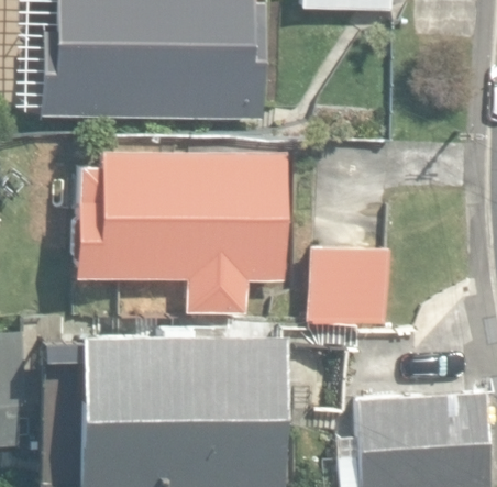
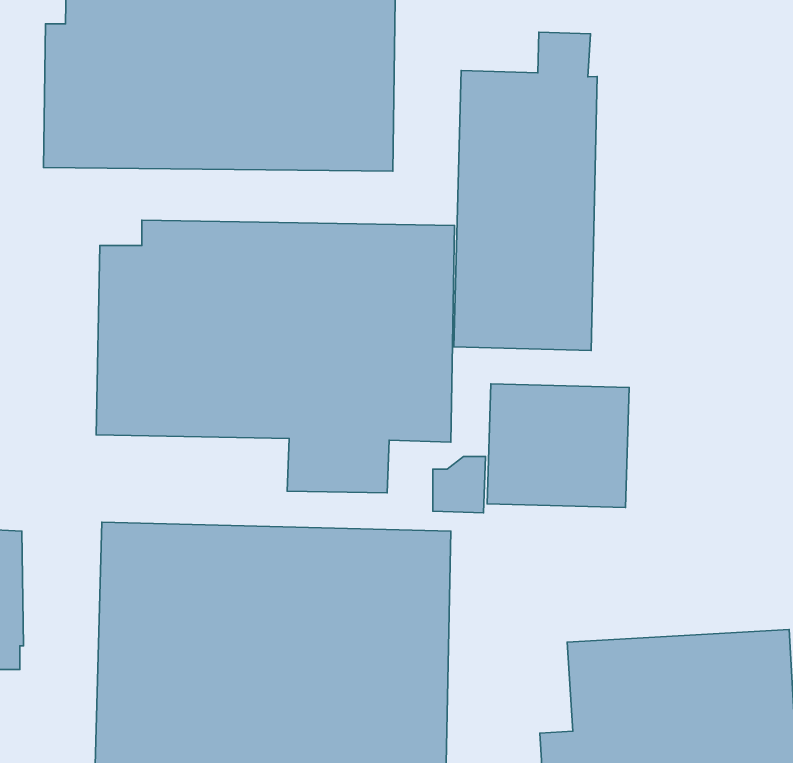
building: none -> [454,32,597,351]

